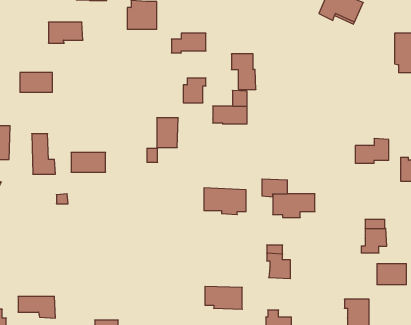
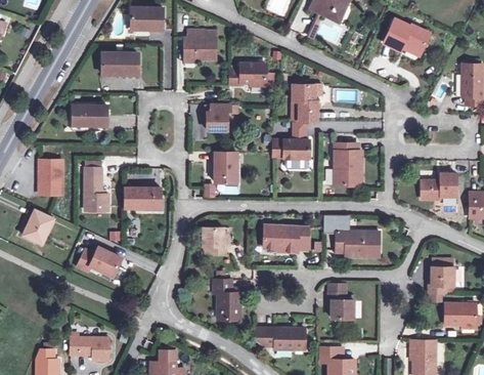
building: [183,78,206,103] -> [207,105,230,130]
building: none -> [335,143,361,184]
building: none -> [203,226,226,252]
building: none -> [78,246,121,276]
building: none -> [213,280,240,319]

